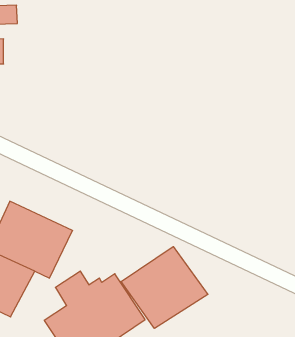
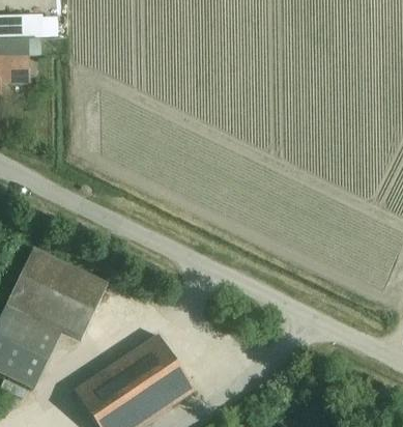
building: [121,247,208,328] -> none

